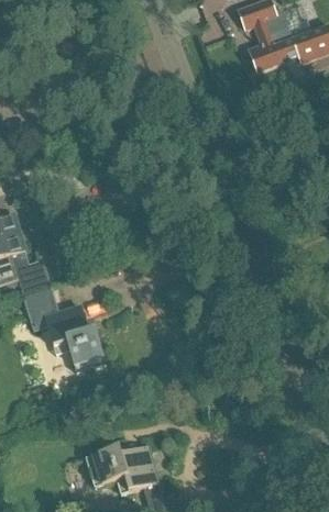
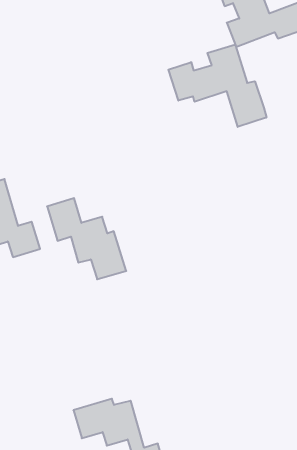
building: none -> [168,44,266,127]
building: [22,285,106,370] -> [47,198,126,279]

